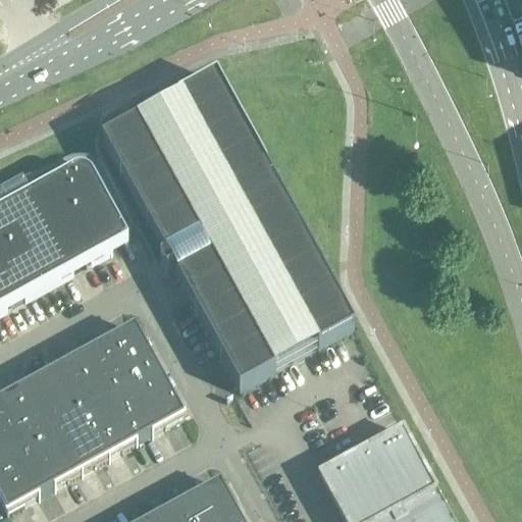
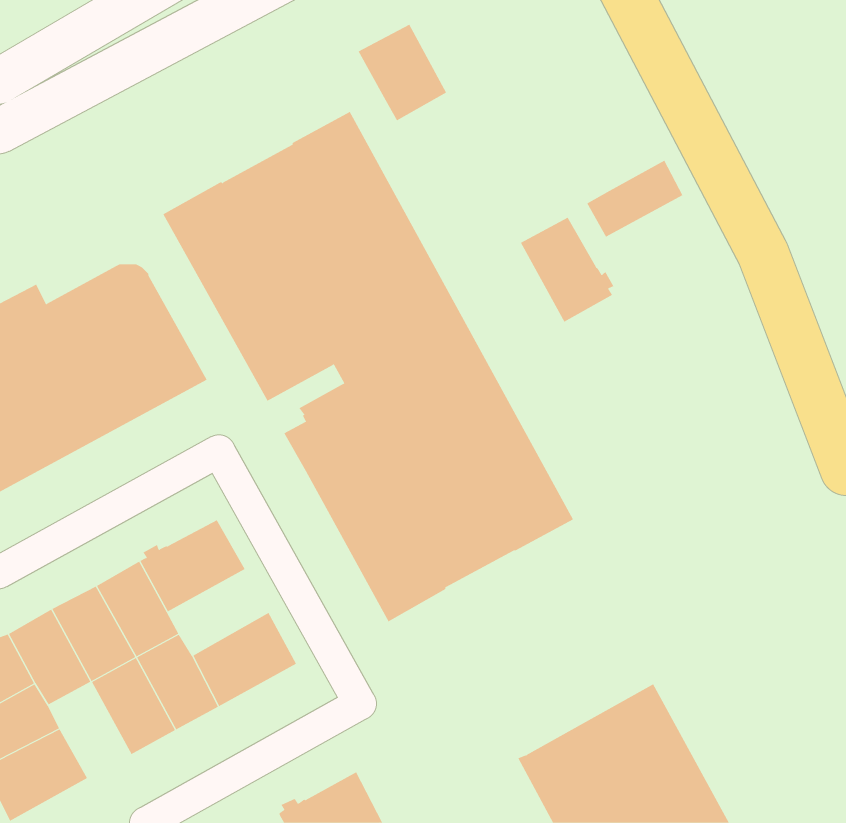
building: none -> [358,24,447,121]
building: none -> [586,160,683,238]
building: none -> [520,217,614,322]
building: [103,350,165,403] -> none
building: [30,419,81,478] -> none

